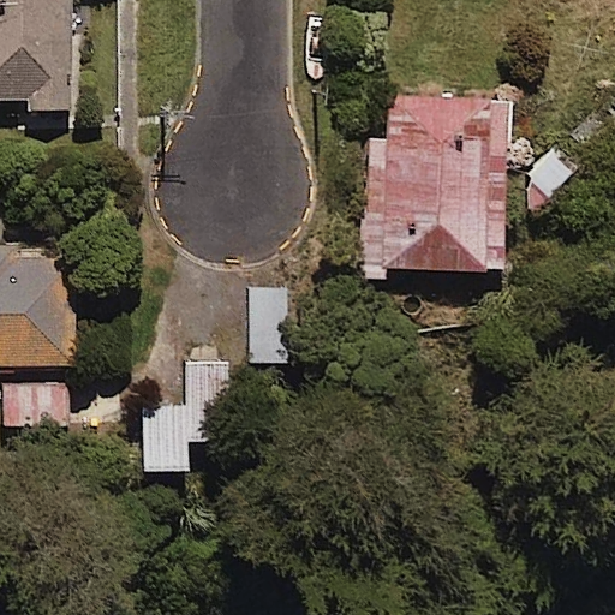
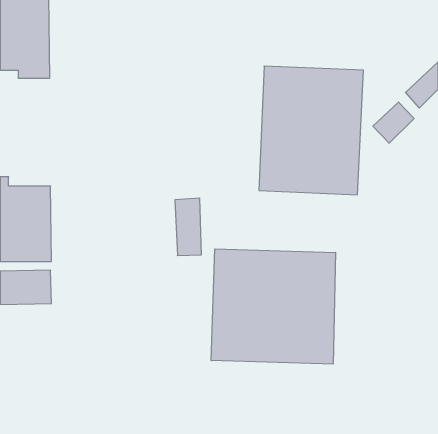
building: none -> [211,249,336,364]
building: [141,360,227,473] -> none

